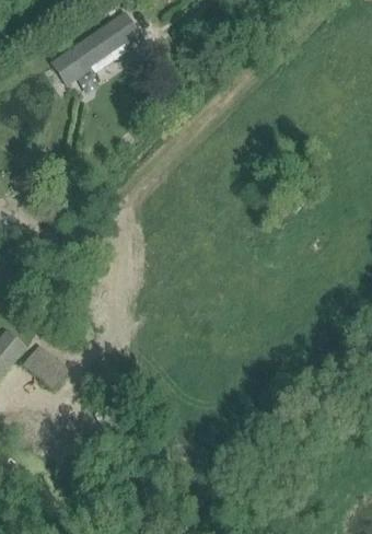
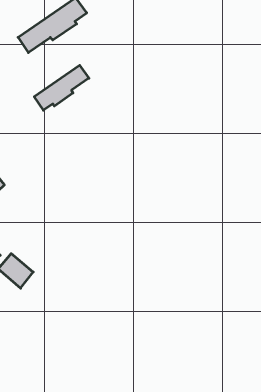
building: none -> [34,65,89,110]

